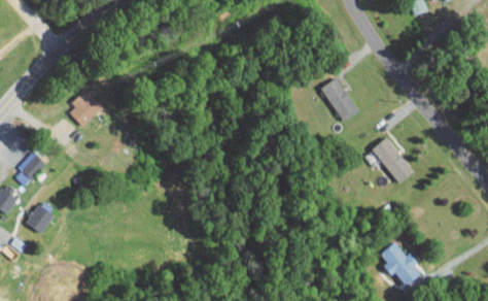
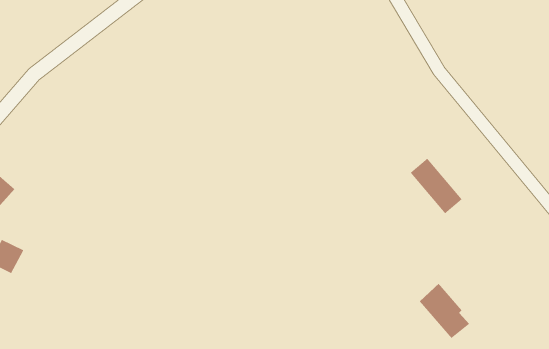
building: [320,77,359,122] -> none
building: [68,92,103,127] -> none

